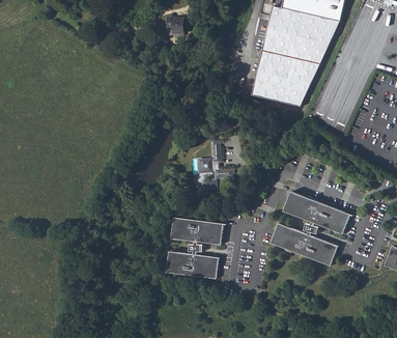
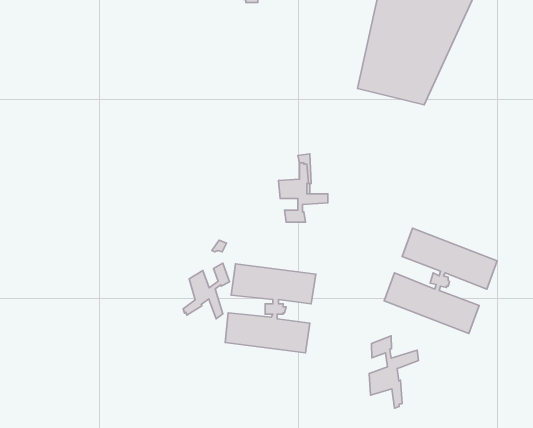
building: none -> [183,263,229,319]
building: none -> [369,336,419,408]

